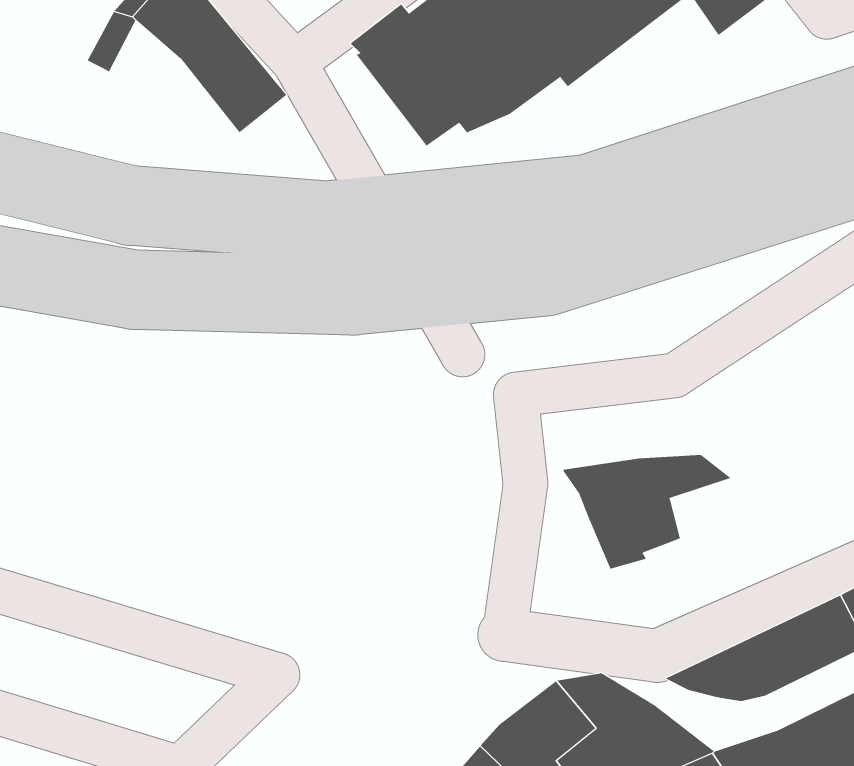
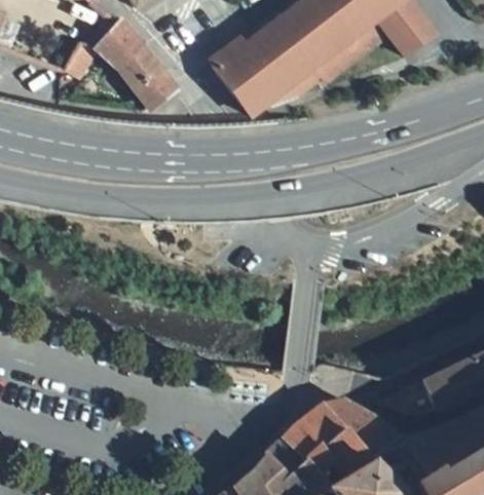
building: [563,454,732,570] -> none

